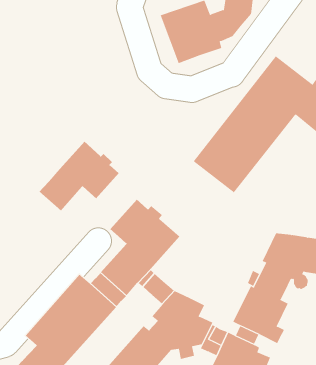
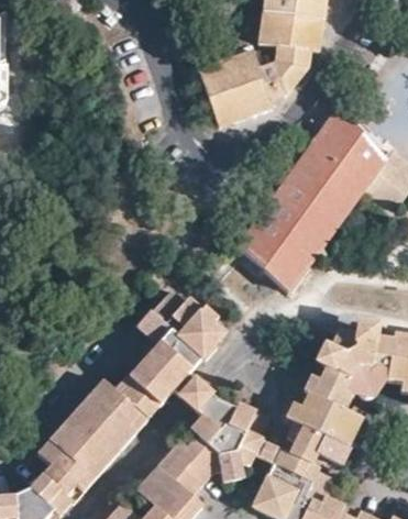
building: [39,141,119,212] -> none

